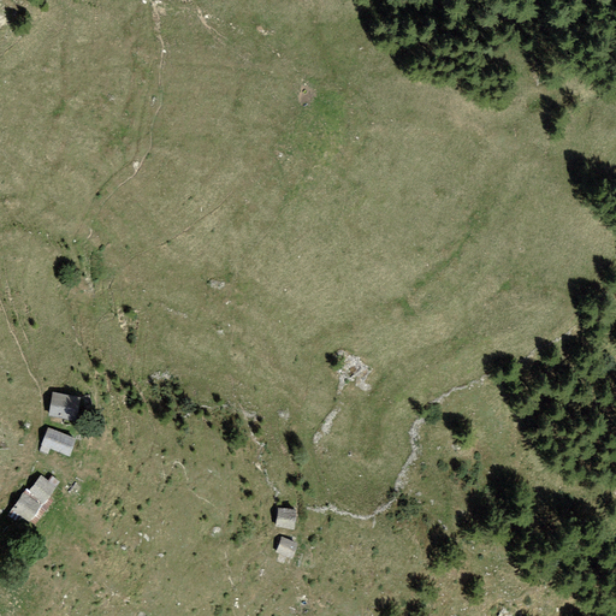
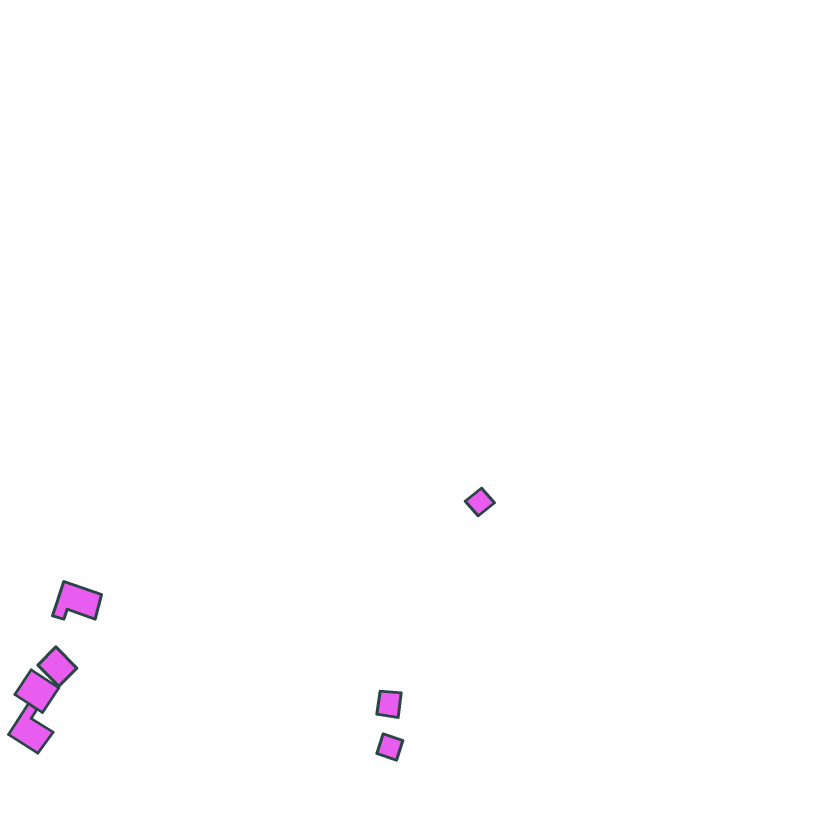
building: [49,393,77,417] -> none
building: none -> [8,704,53,753]

